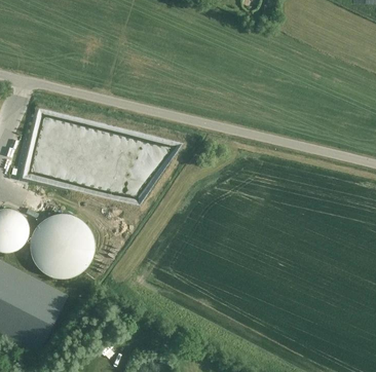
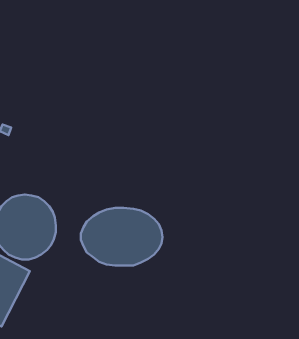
building: none -> [81,208,163,265]

